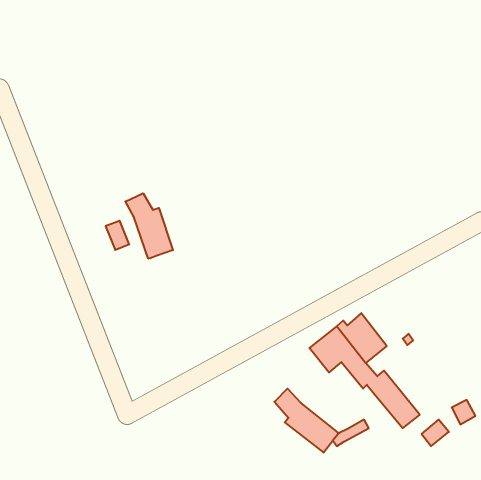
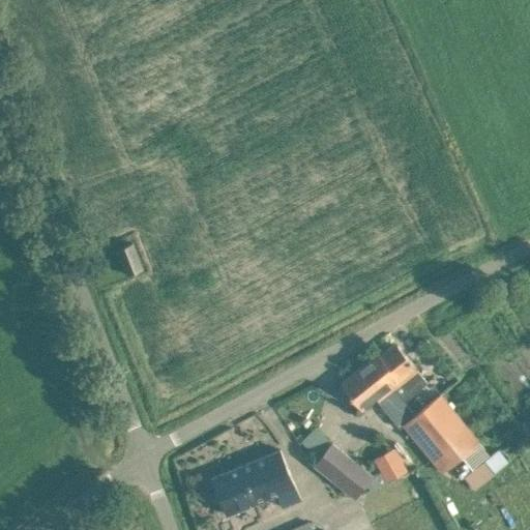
building: [125,193,173,259] -> none
building: none -> [421,395,478,458]
building: none -> [212,452,298,514]

